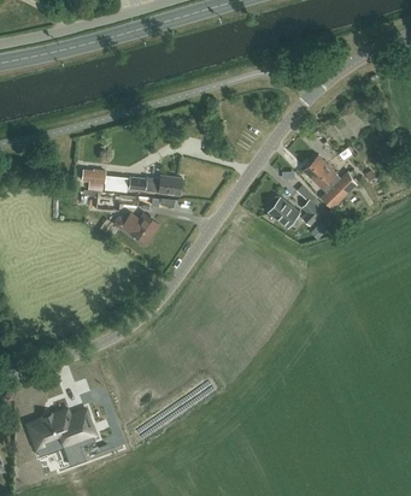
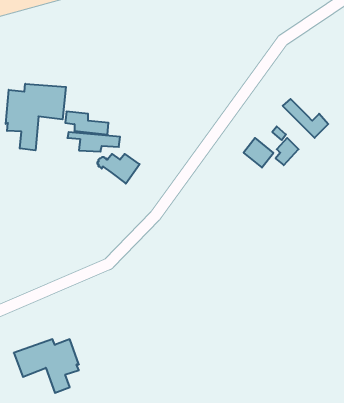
building: none -> [6,84,66,150]
building: [303,163,344,207] -> none
building: [128,176,182,195] -> none

